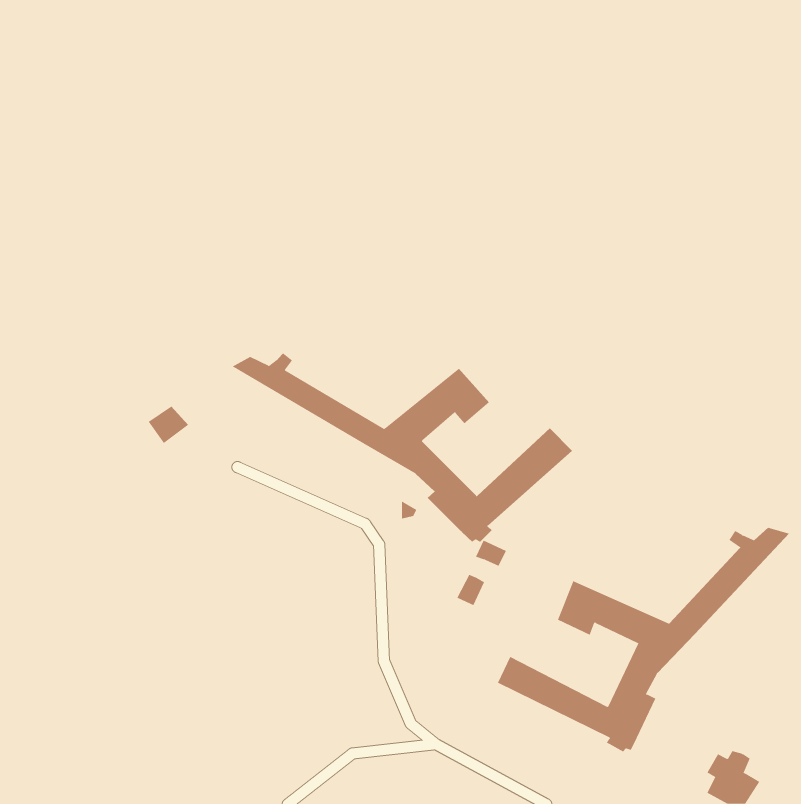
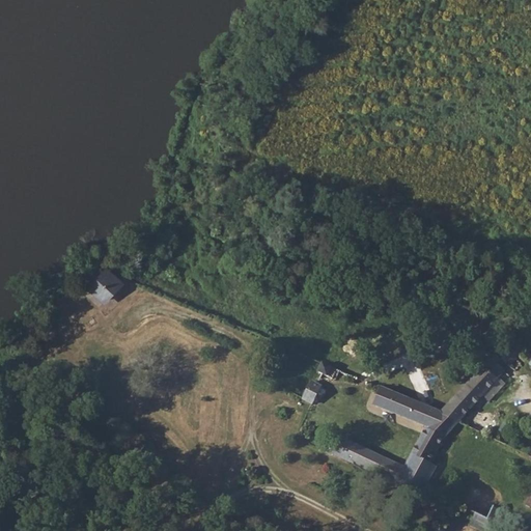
building: [232,352,573,543] -> none

